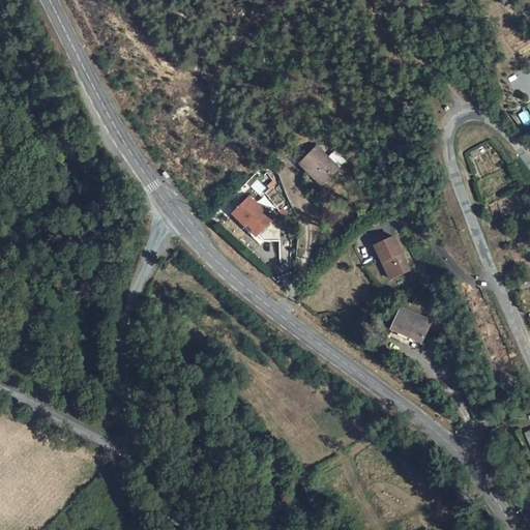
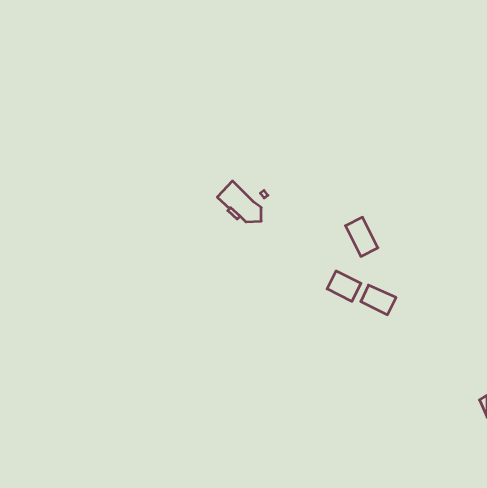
building: [298,148,336,185] -> none
building: none -> [327,271,361,301]

